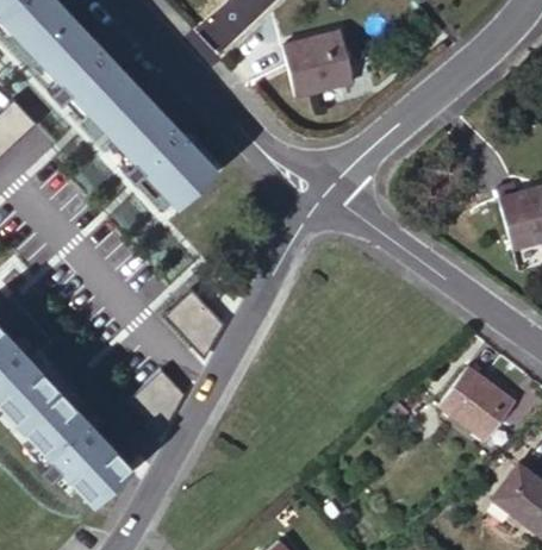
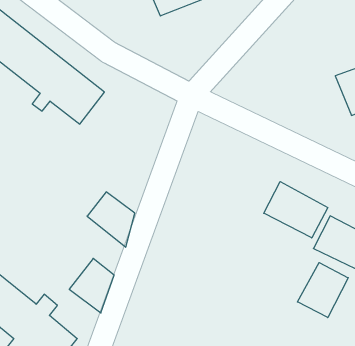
building: none -> [264,182,328,238]
building: none -> [297,263,348,318]

